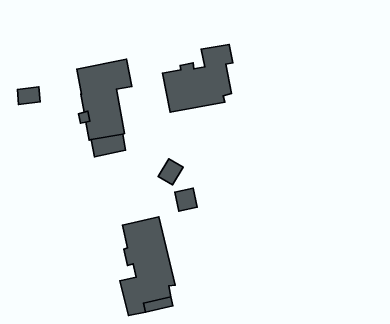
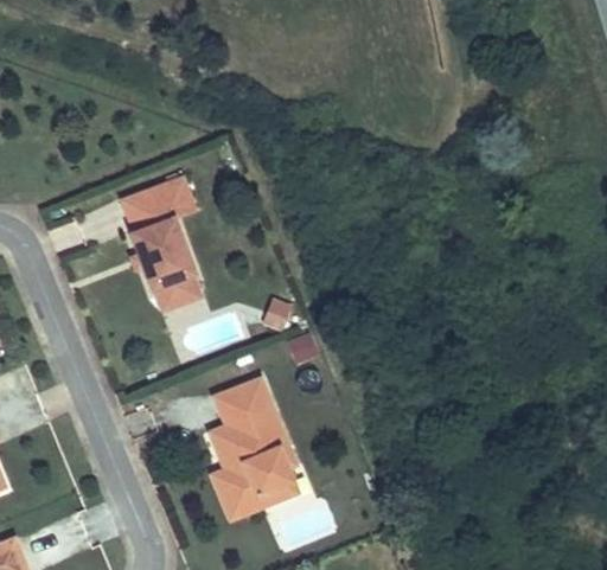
building: [163,44,233,112] -> none

